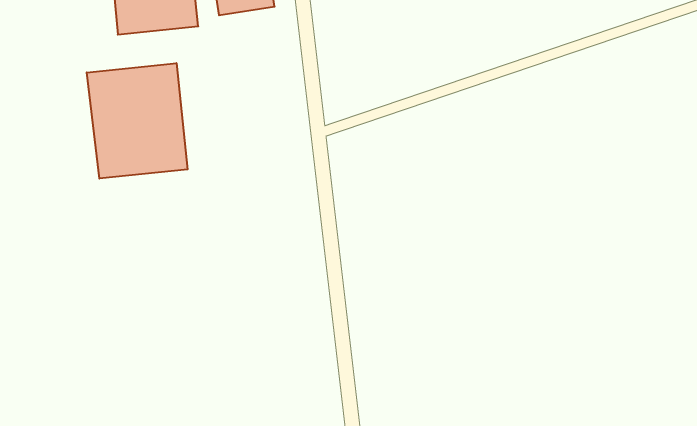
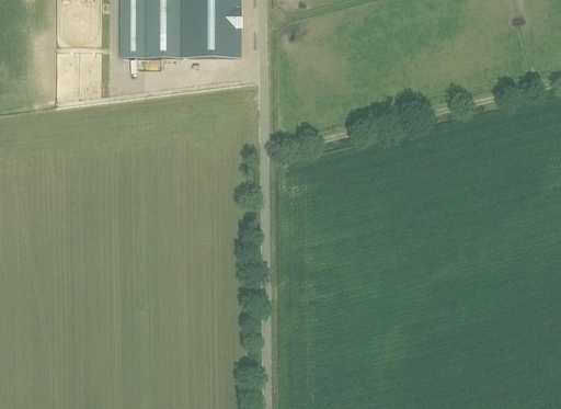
building: [87,63,188,179] -> none

